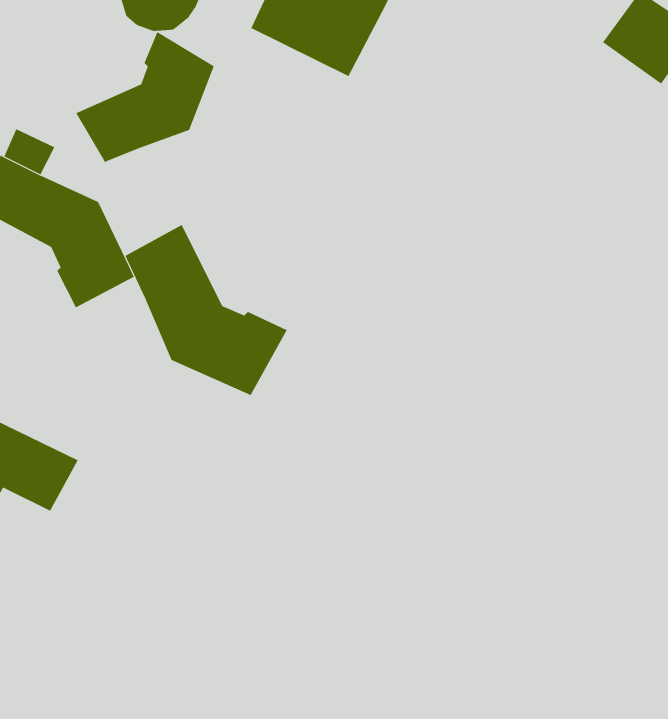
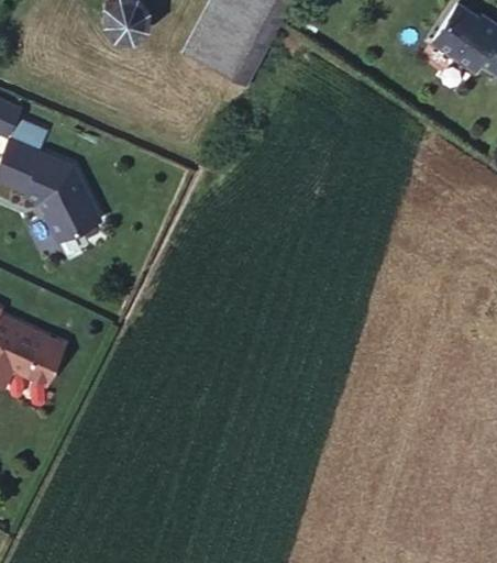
building: [75,31,214,163] -> none
building: [125,224,288,396] -> none

